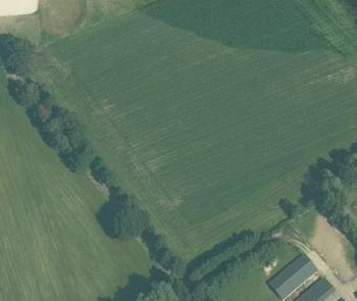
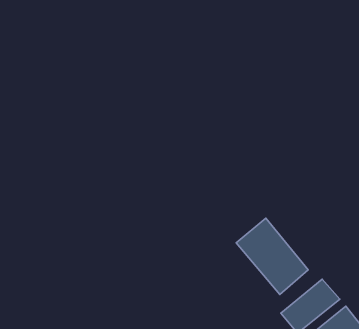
building: none -> [236,218,308,294]

